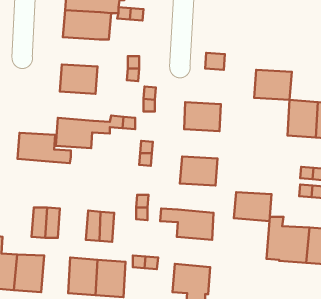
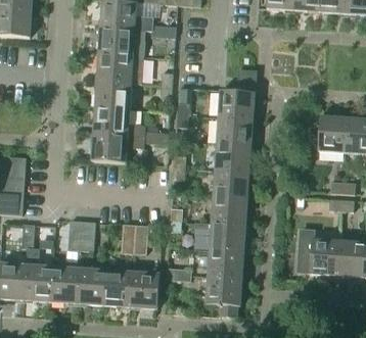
building: none -> [96,54,142,83]
building: [254,70,292,100] -> [217,90,254,119]
building: none -> [214,144,250,173]
building: [18,133,71,163] -> [92,107,144,137]
building: [234,192,272,221] -> [210,197,246,226]
building: none -> [207,249,243,279]
building: none -> [76,268,104,304]

